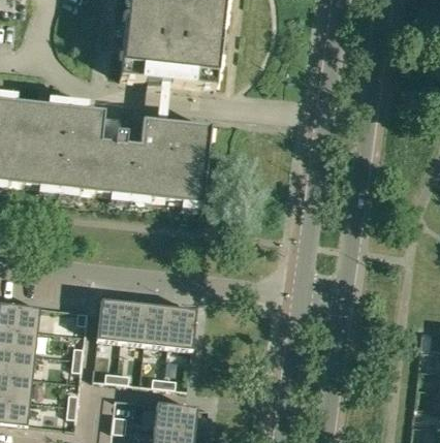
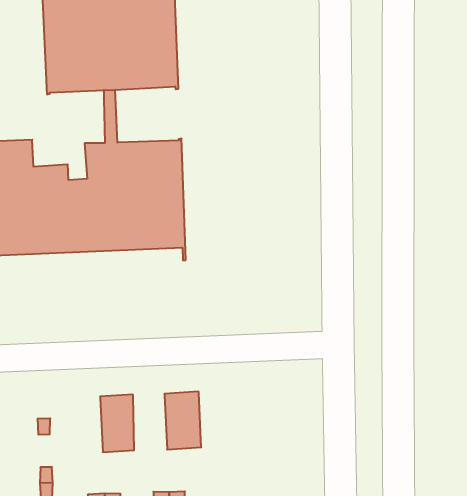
building: [95,297,124,341] -> none
building: [143,303,170,346] -> none

